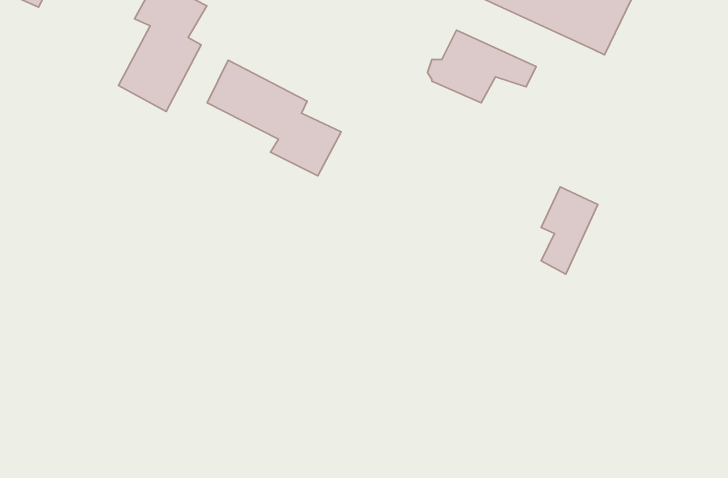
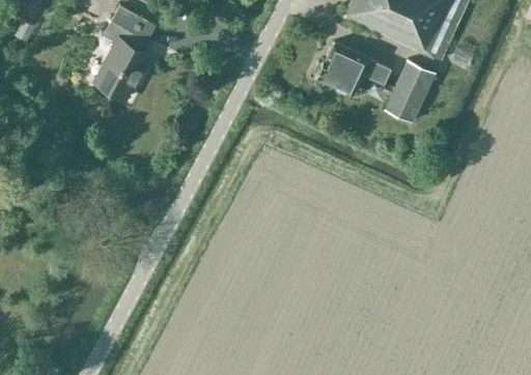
building: [207,60,341,176] -> none
building: [541,187,598,274] -> [394,61,435,123]

